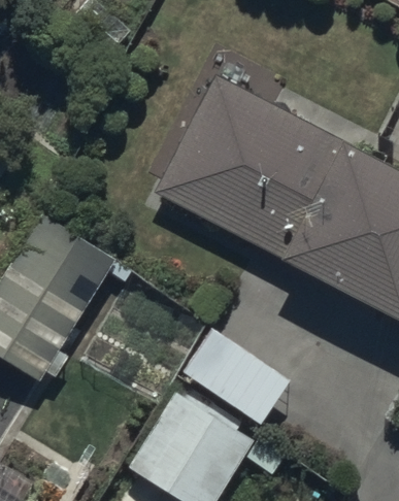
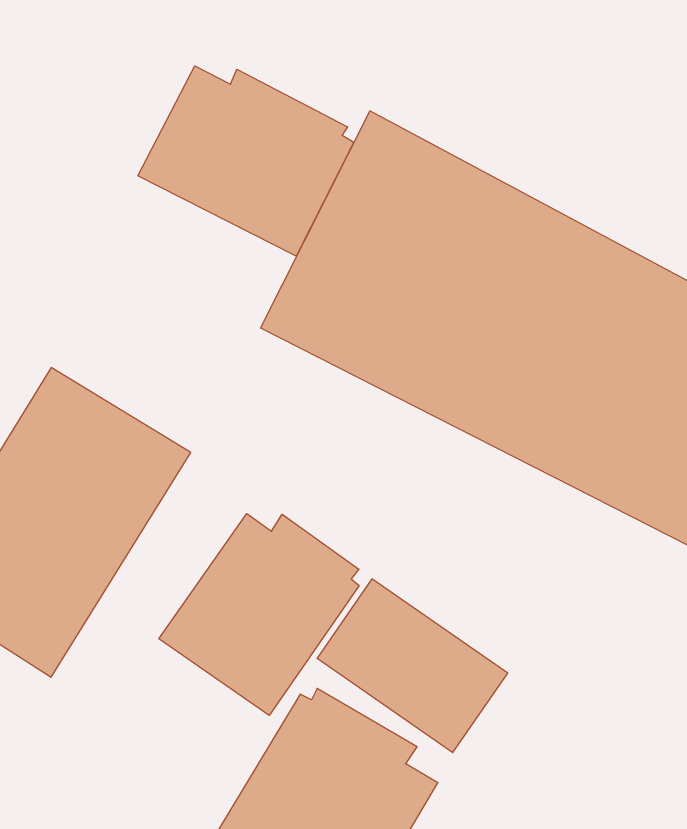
building: none -> [138,66,354,256]
building: none -> [159,514,359,715]

